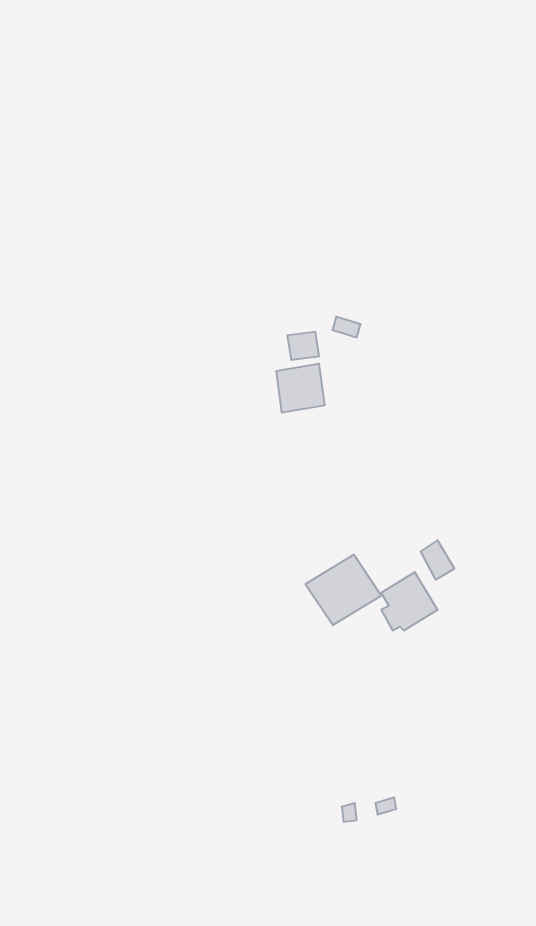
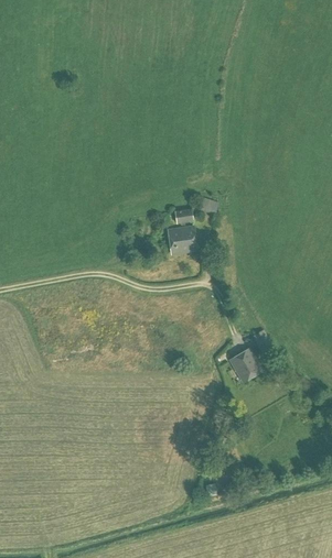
building: [305,555,381,625] -> none

